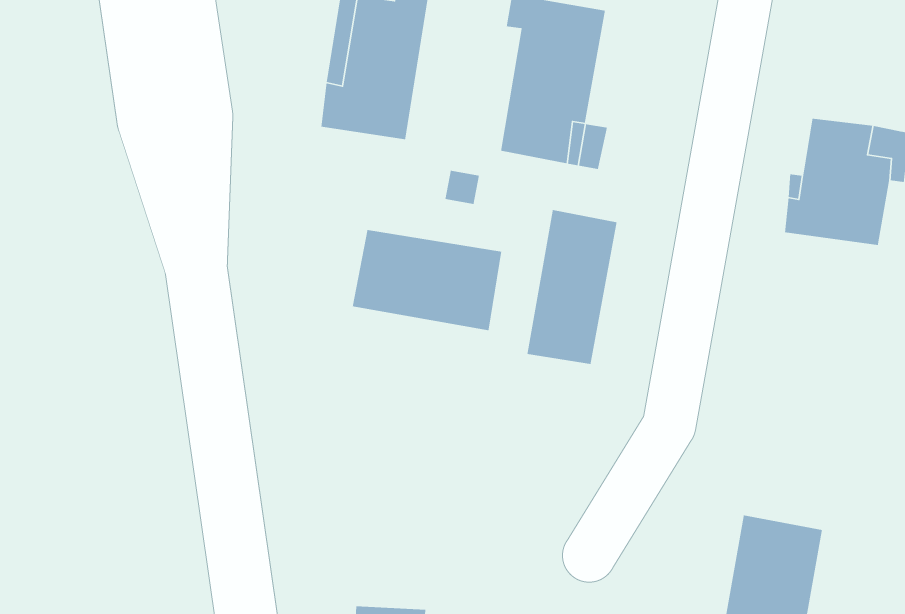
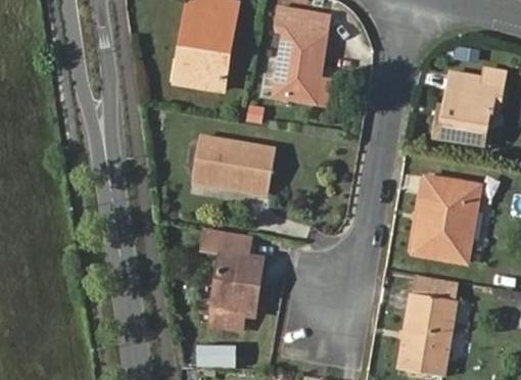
building: [526,209,618,365] -> none
building: none -> [414,178,480,262]
building: none -> [201,227,264,328]

